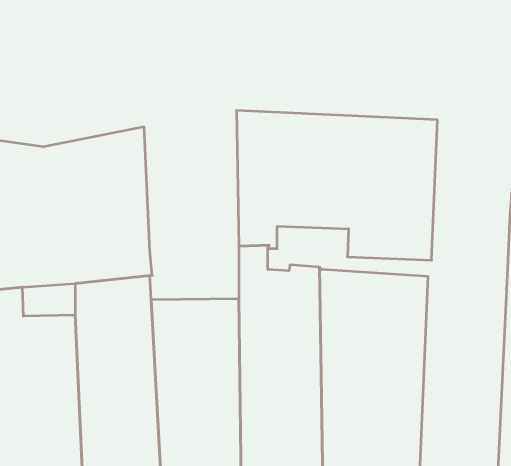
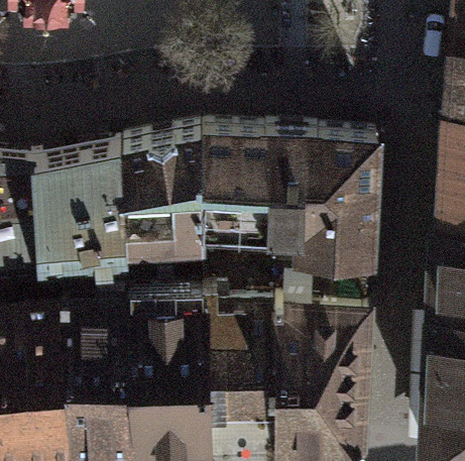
building: none -> [129,131,211,252]

